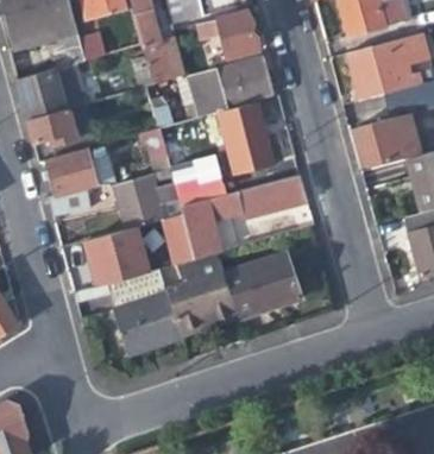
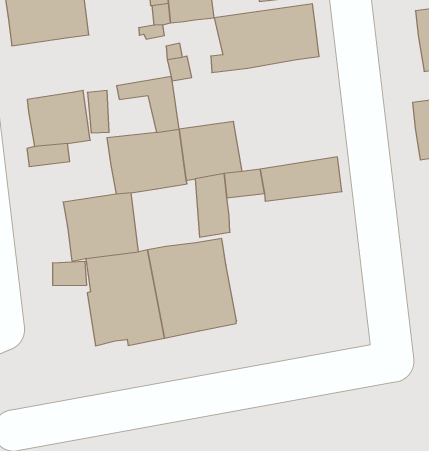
building: [219,102,273,176] -> none
building: [27,108,82,159] -> none
building: [158,213,195,265] -> none
building: [221,253,298,317] -> none

